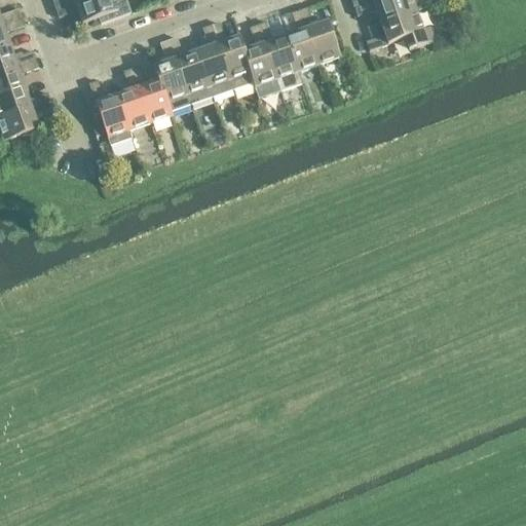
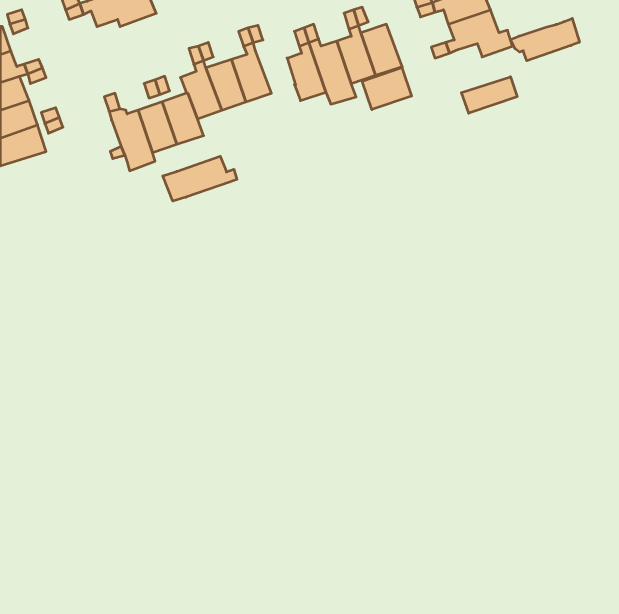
building: none -> [510,18,579,61]
building: [217,35,251,79] -> none
building: none -> [362,67,412,110]
building: none -> [461,77,517,113]
building: none -> [163,156,237,201]

